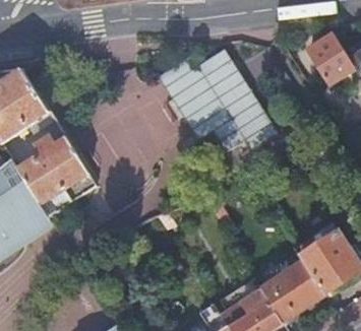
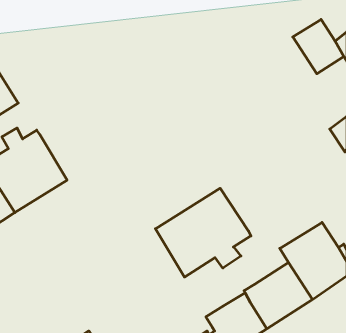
building: [159,42,277,151] -> none
building: none -> [155,188,251,277]

